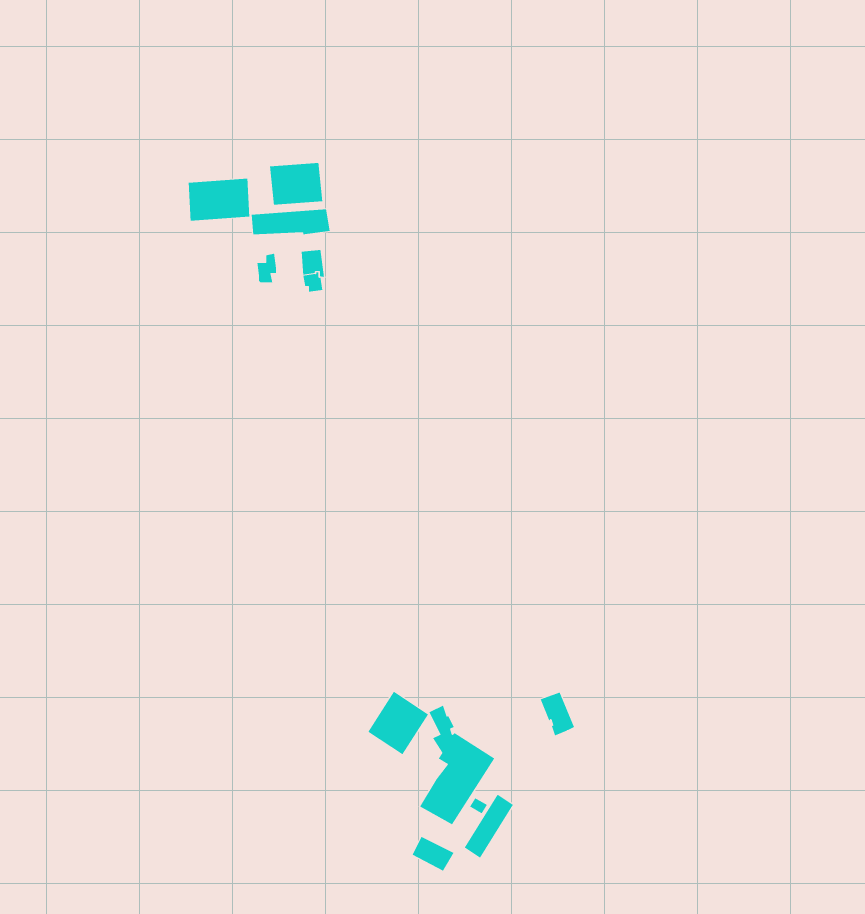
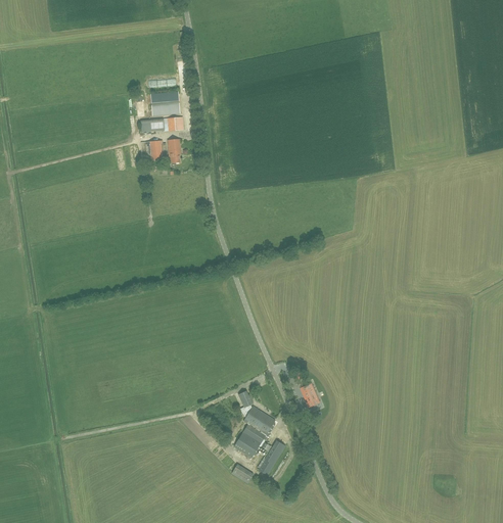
building: [188,178,250,221] -> none
building: [368,691,429,755] -> none

